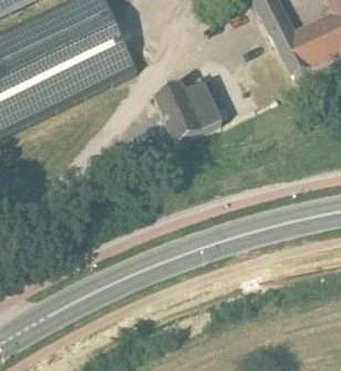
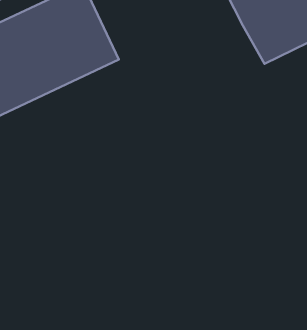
building: [155,78,223,145] -> none

